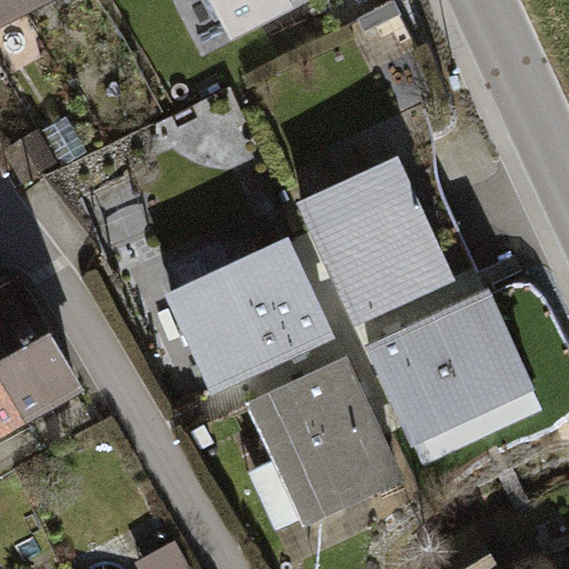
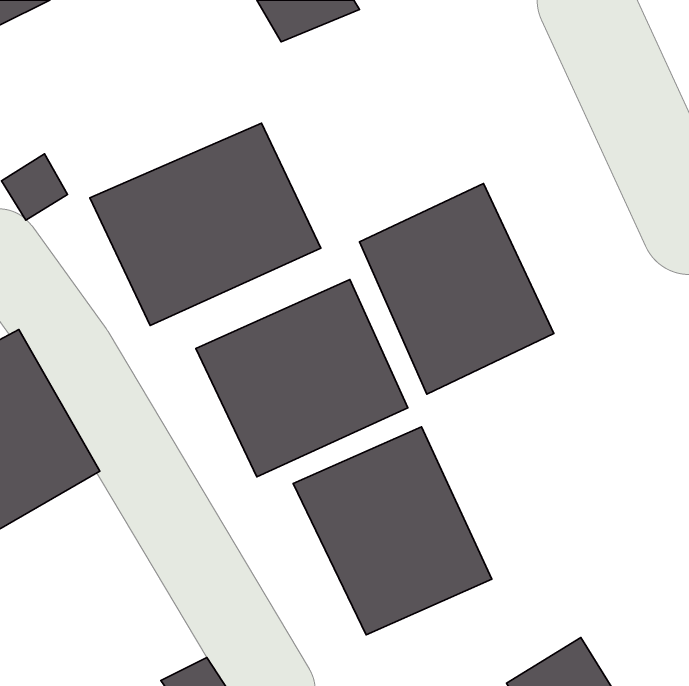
building: none -> [90,123,321,326]
building: [362,286,542,469] -> none

